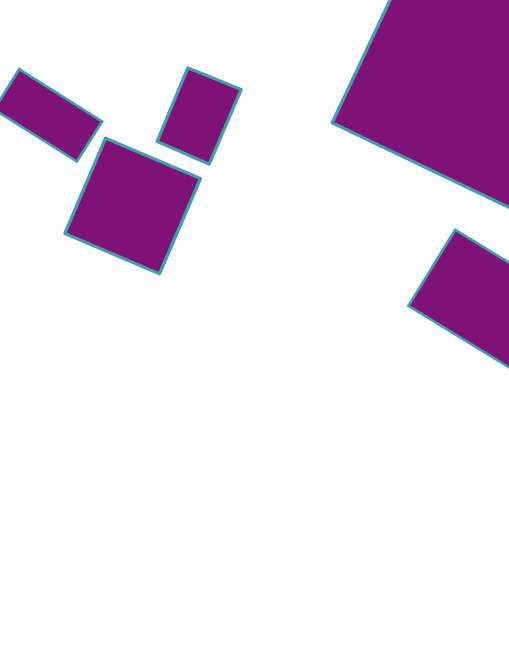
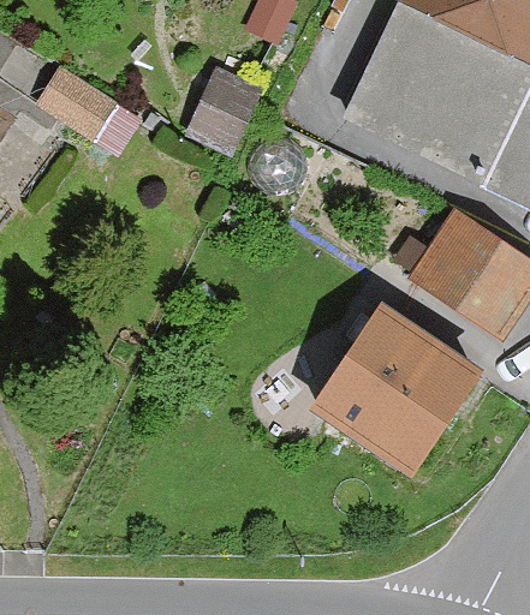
building: [65,138,201,274] -> none
building: none -> [311,303,480,472]

